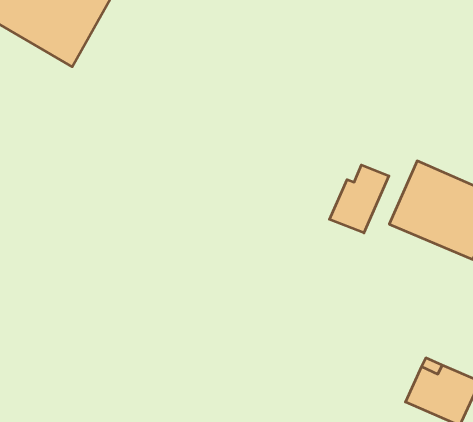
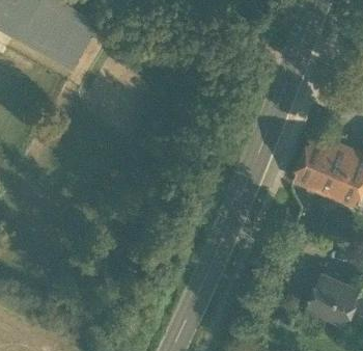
building: [329,165,389,233] -> none

